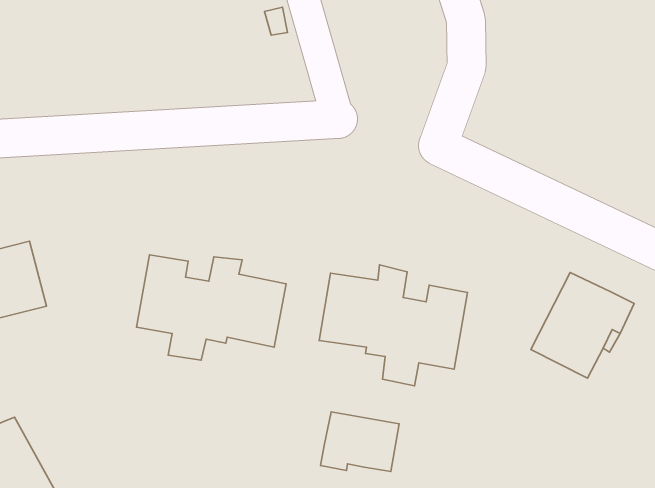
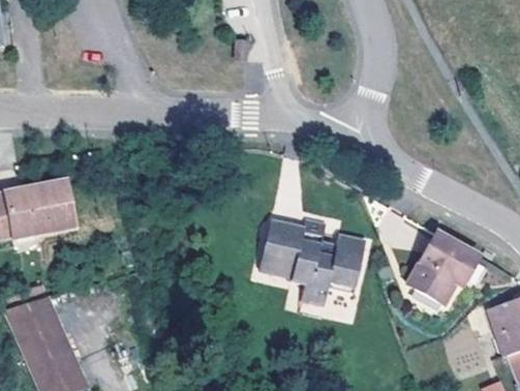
building: [137,255,286,360] -> none
building: [320,412,399,472] -> none

